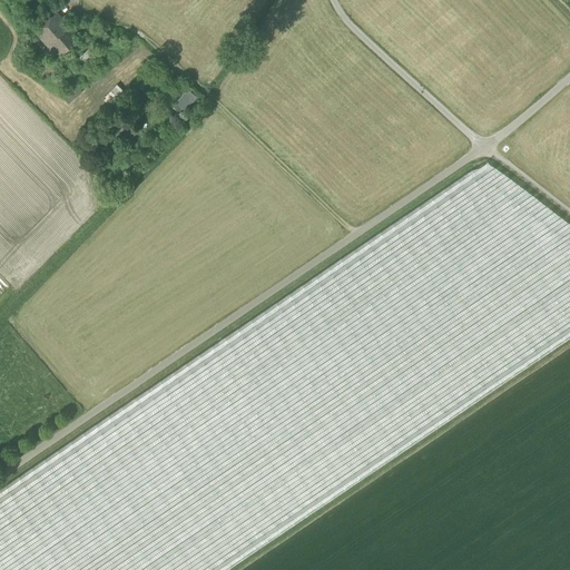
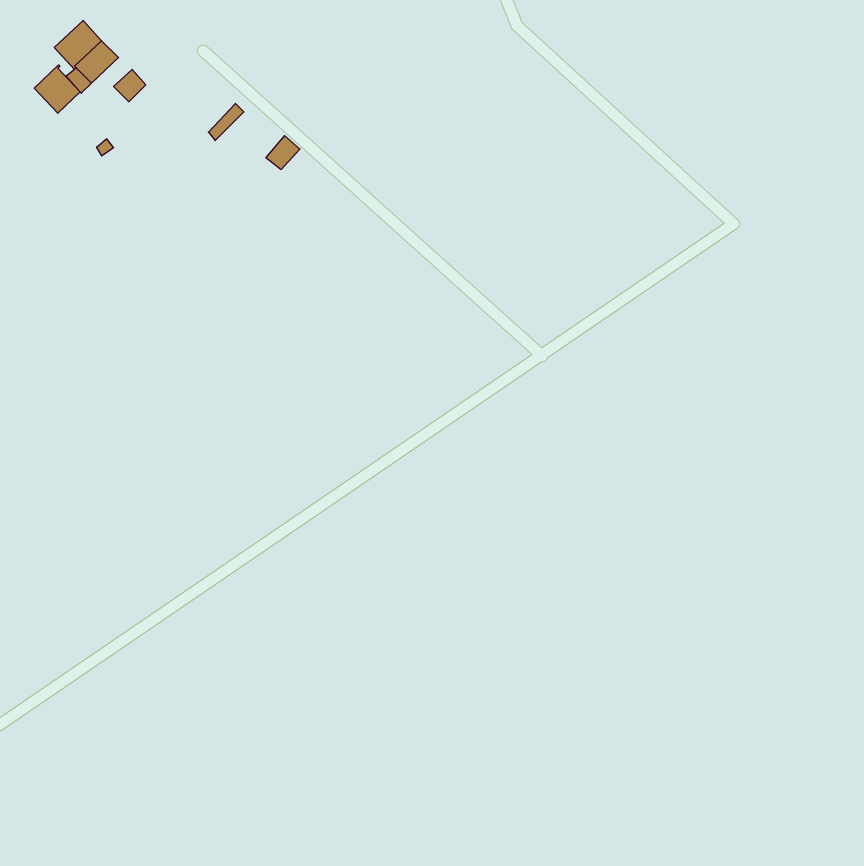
building: none -> [34,65,80,113]

